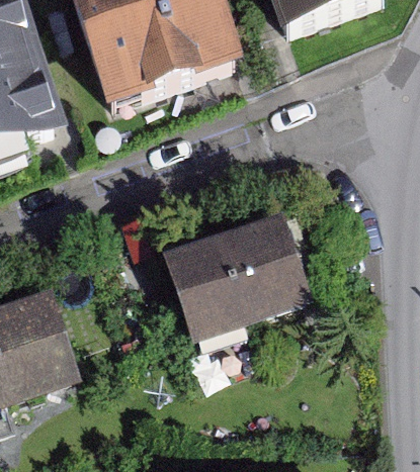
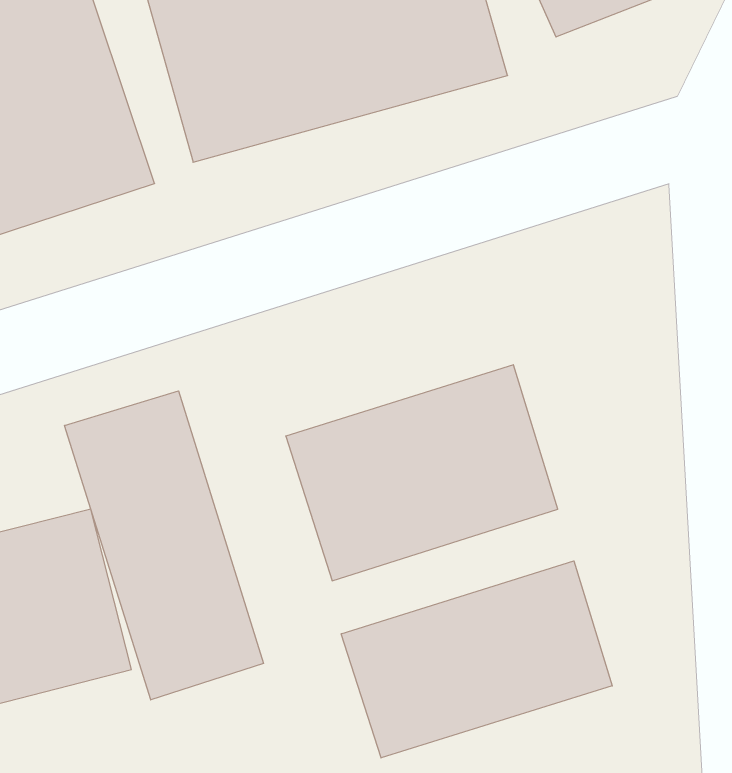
building: none -> [65,391,263,700]
building: none -> [341,561,612,758]

